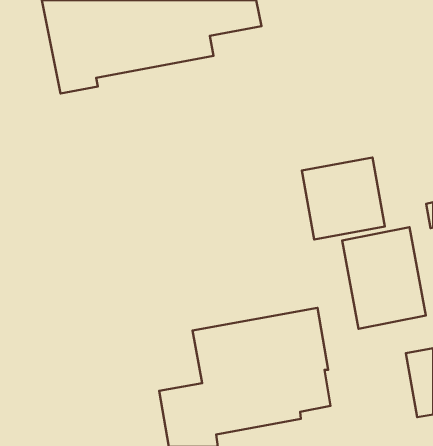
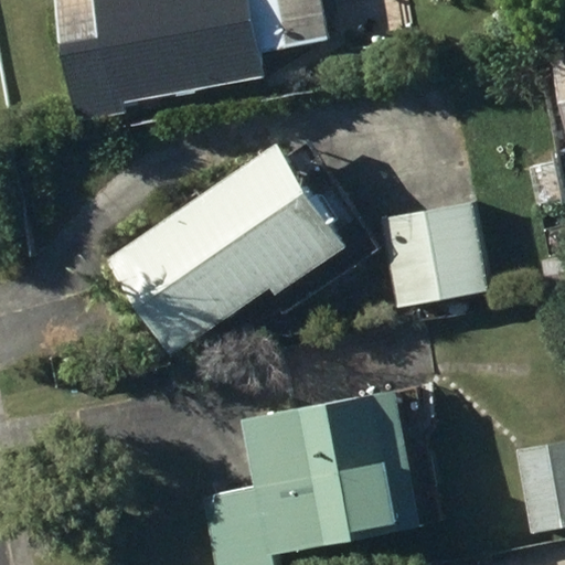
building: none -> [114,141,356,351]
building: [342,227,426,329] -> none

